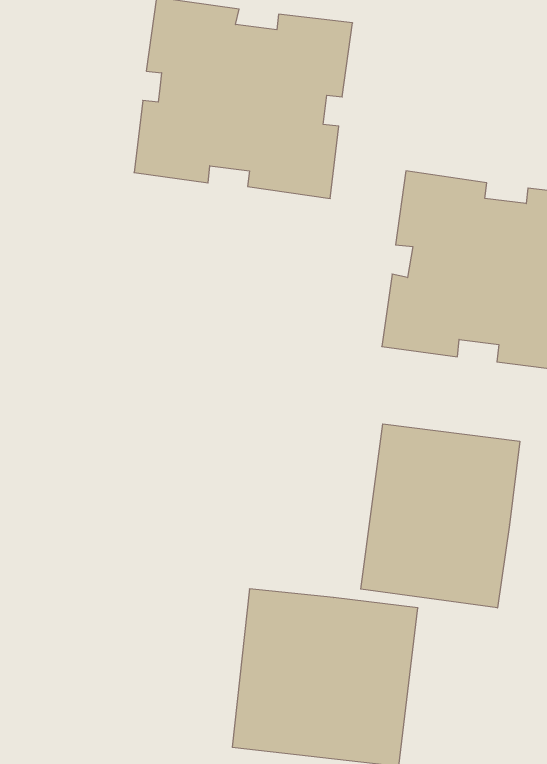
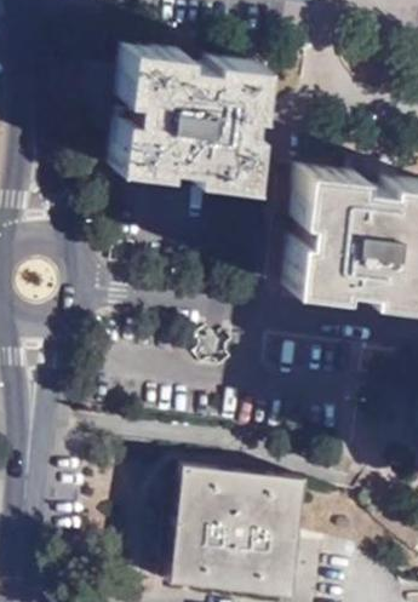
building: [361,424,520,608] -> none

